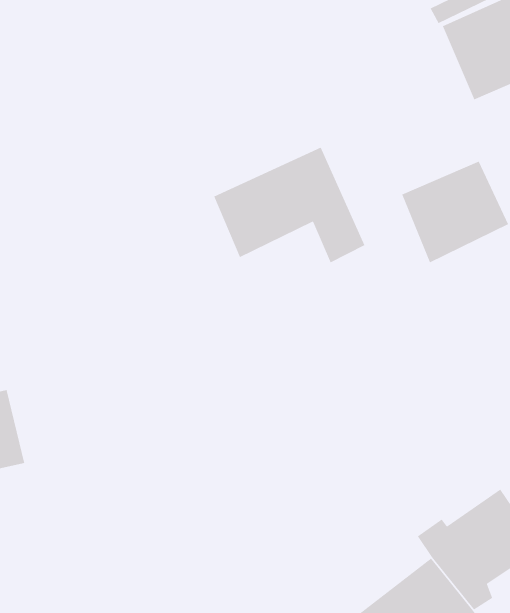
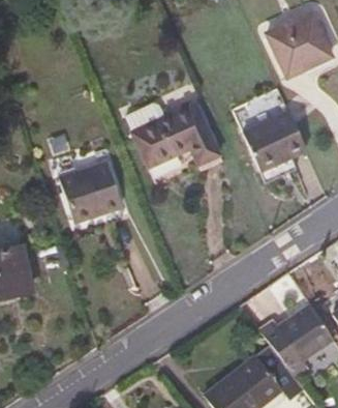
building: none -> [65,162,128,224]

